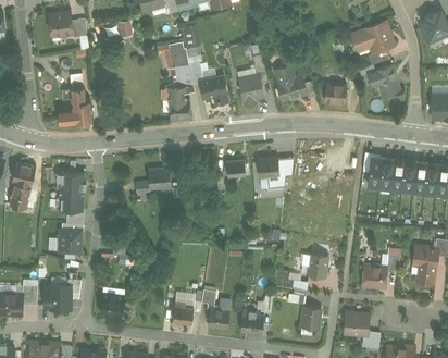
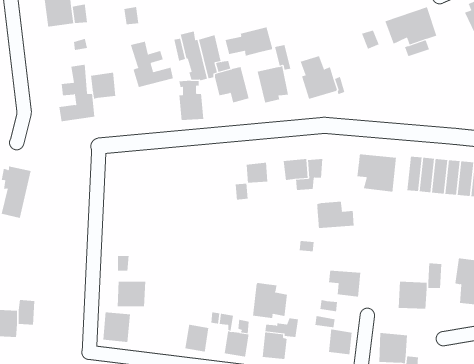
building: none -> [225,26,273,57]
building: none -> [130,41,174,88]
building: [364,65,401,98] -> none
building: none -> [90,72,116,100]
building: [323,82,346,104] -> none
building: none -> [357,153,397,193]
building: [135,168,171,195] -> none
building: [59,172,85,207] -> none
building: none -> [317,201,354,229]
building: [58,229,84,251] -> [117,281,146,307]
building: none -> [252,282,287,319]
building: [45,282,72,308] -> none

